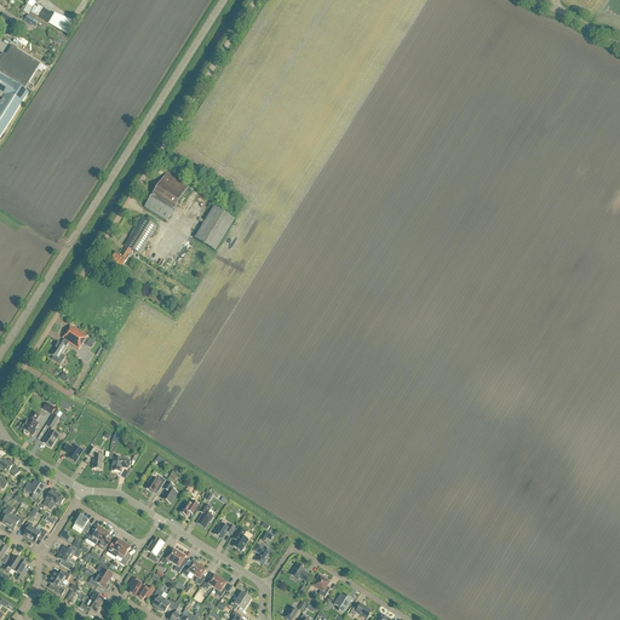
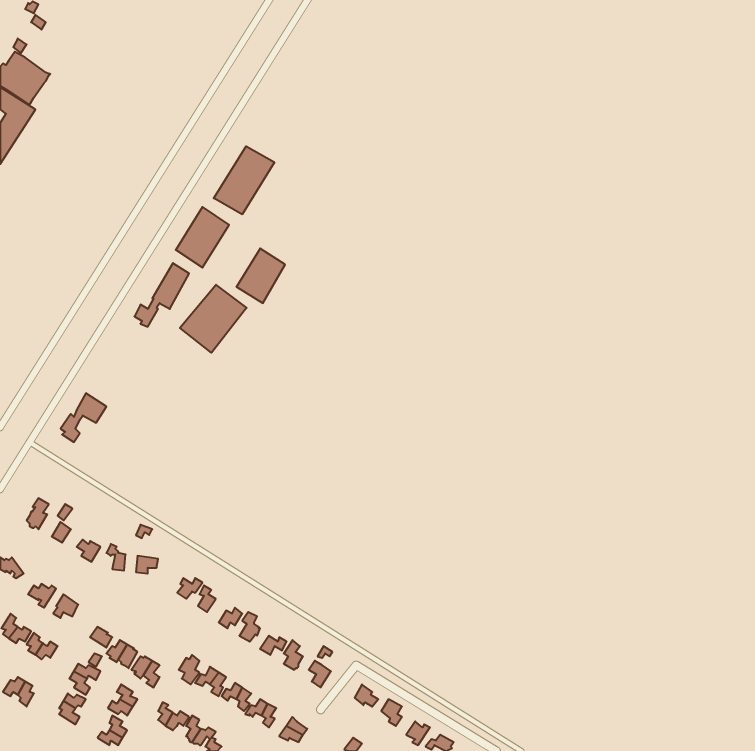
building: none -> [214,146,274,214]
building: none -> [180,285,247,353]

